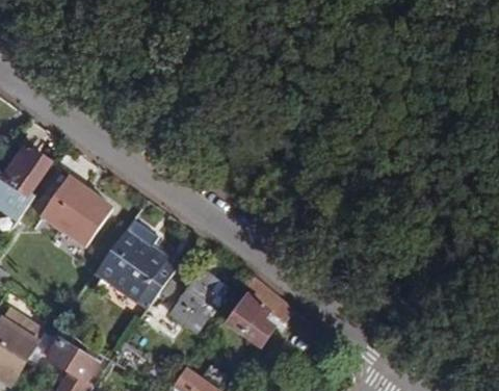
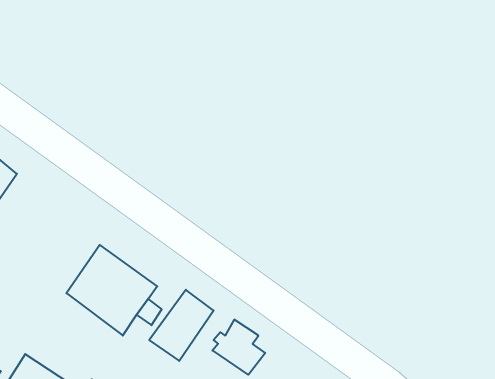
building: [40,176,113,250] -> none

